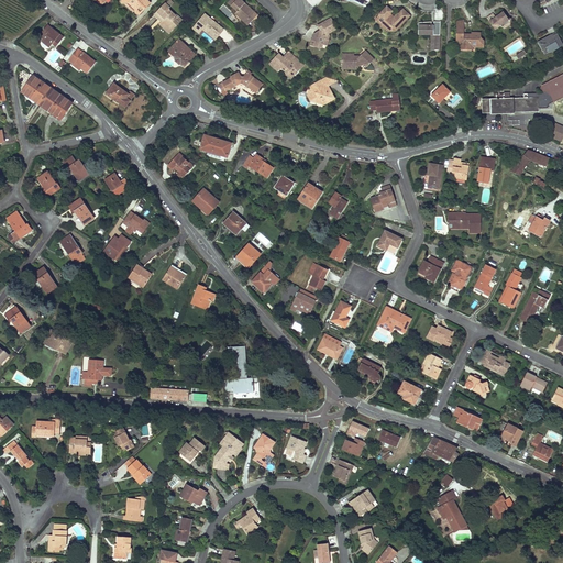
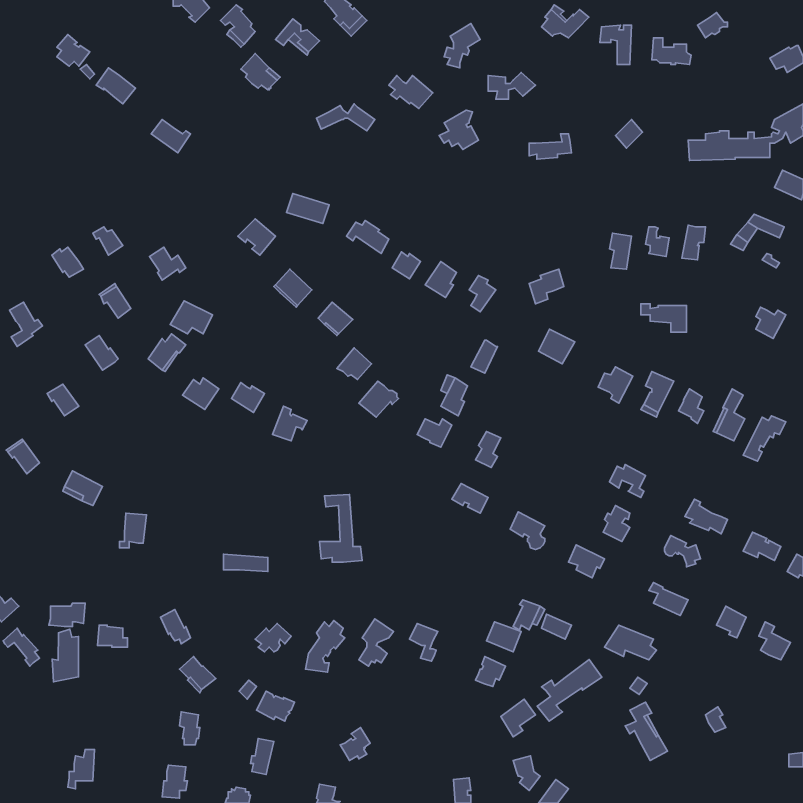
building: [21,75,71,119] -> none
building: [376,307,409,332] -> none
building: none -> [52,629,79,682]
building: none -> [537,660,602,721]

